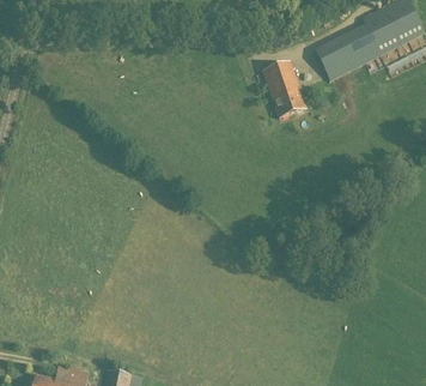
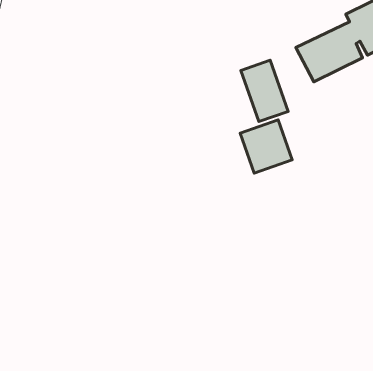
building: none -> [240,120,292,173]

